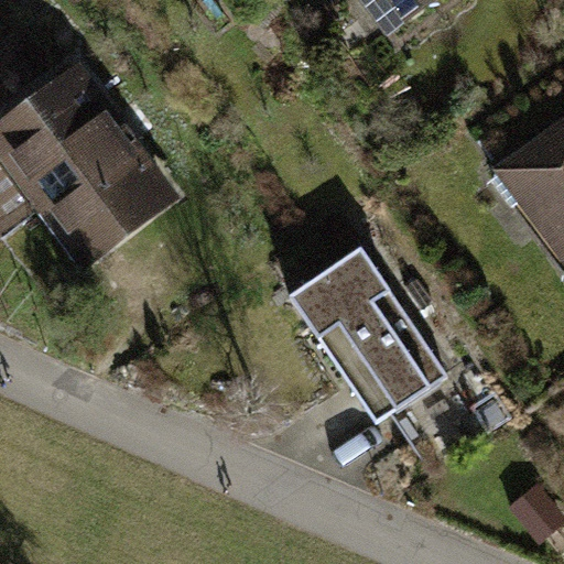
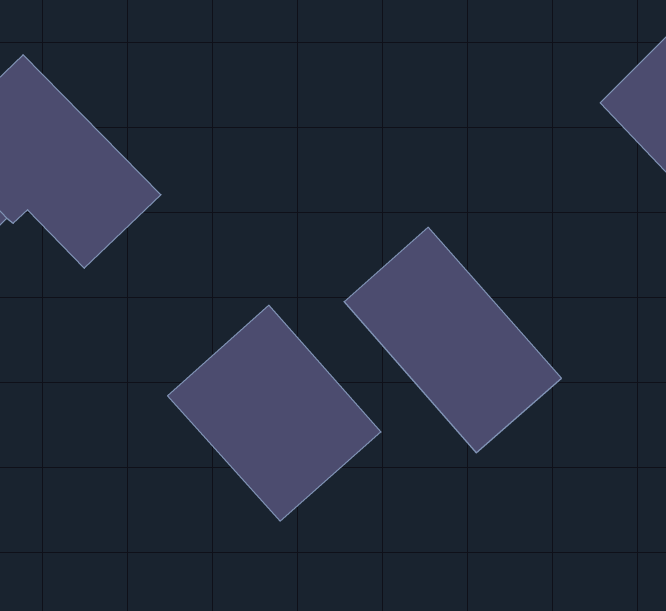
building: none -> [168,305,381,521]

